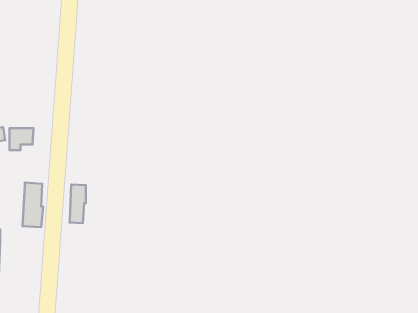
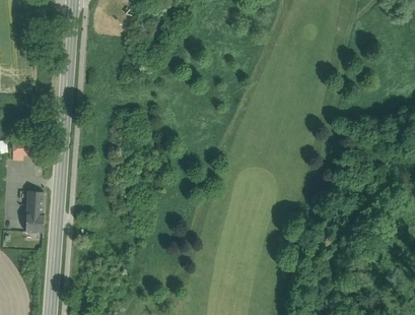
building: [69,184,86,223] -> none

